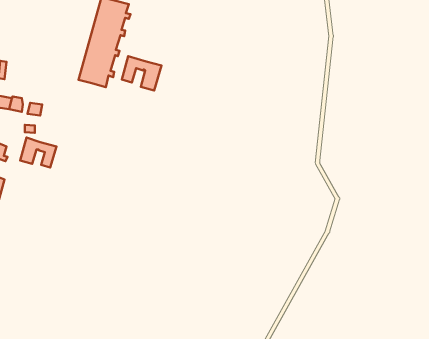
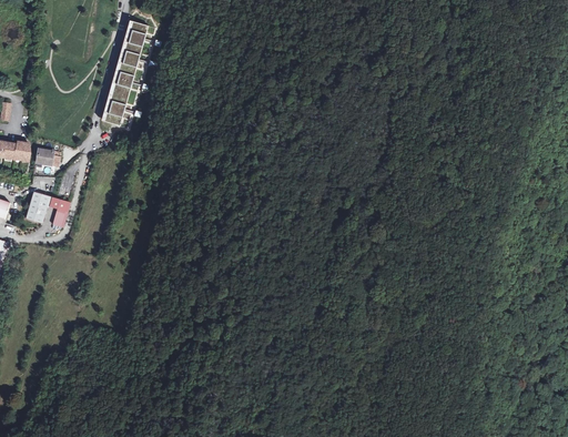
building: [122,56,162,91] -> none

